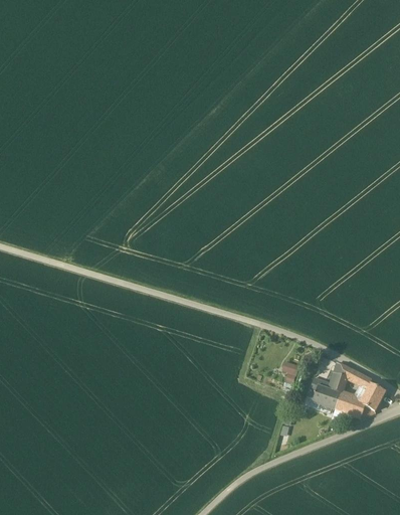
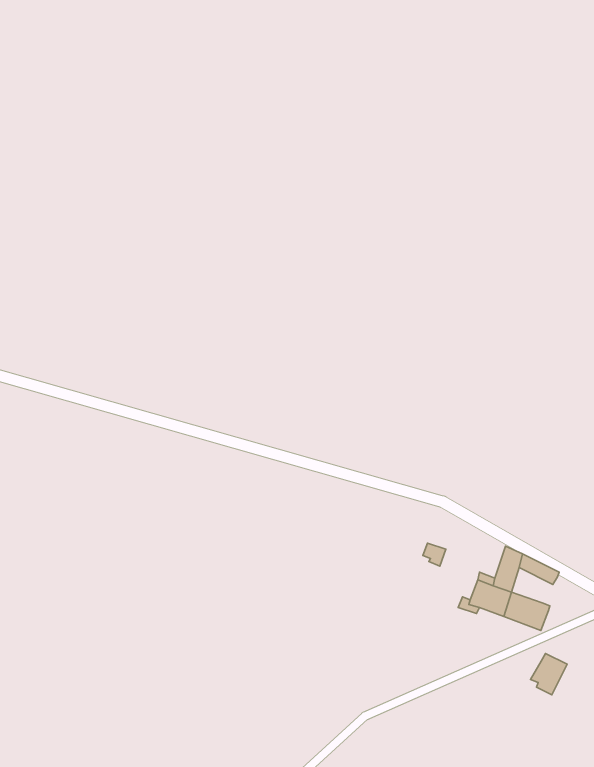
building: [361,382,385,409] -> [530,653,567,695]

